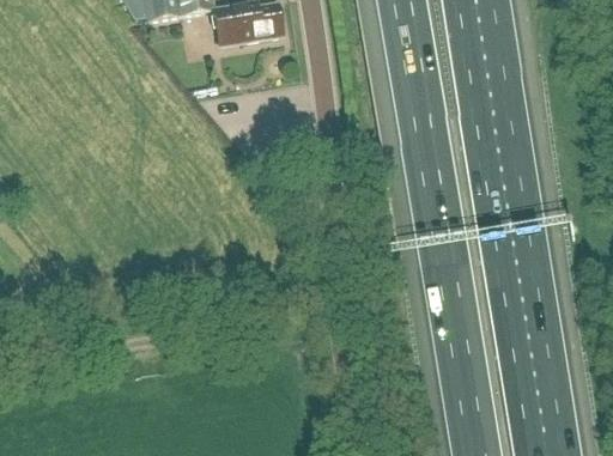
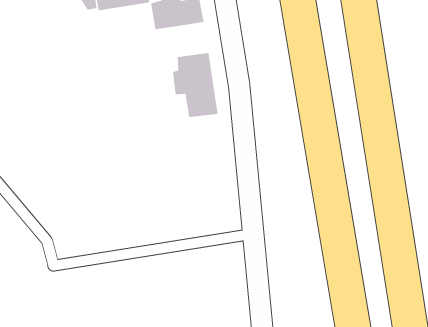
building: none -> [172,52,219,118]

